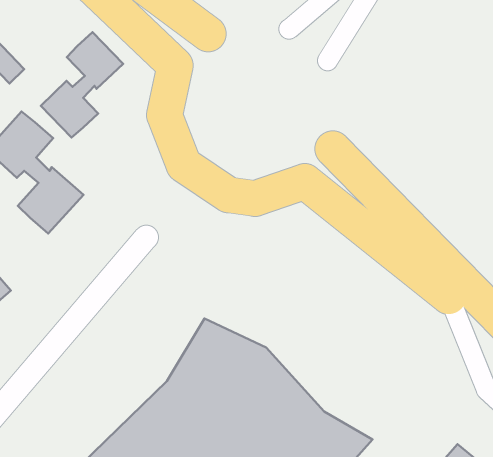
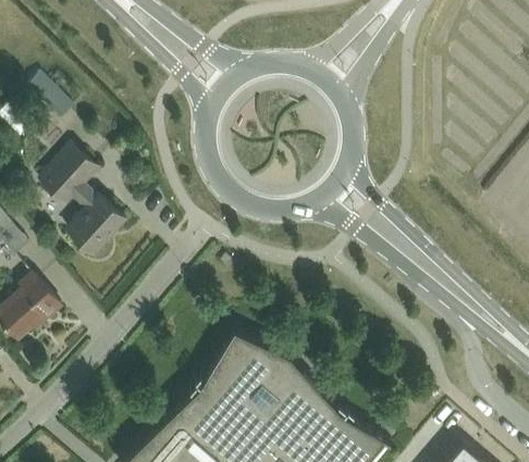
building: [41,32,123,138] -> none

